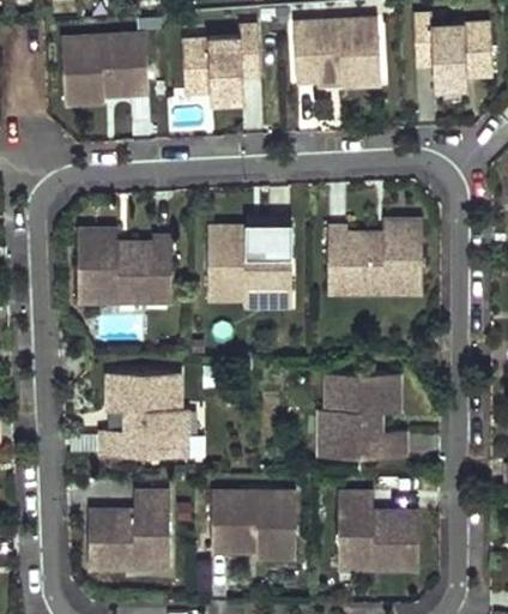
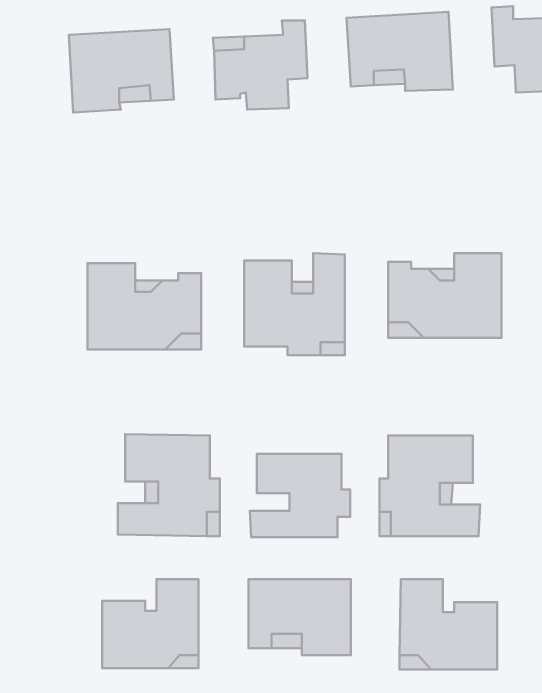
building: none -> [250,454,350,537]

